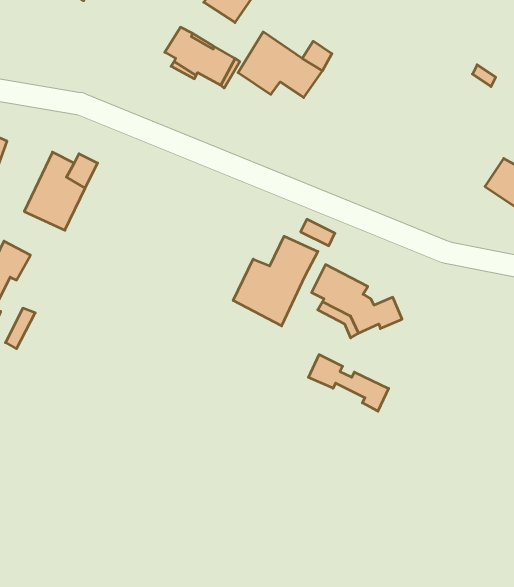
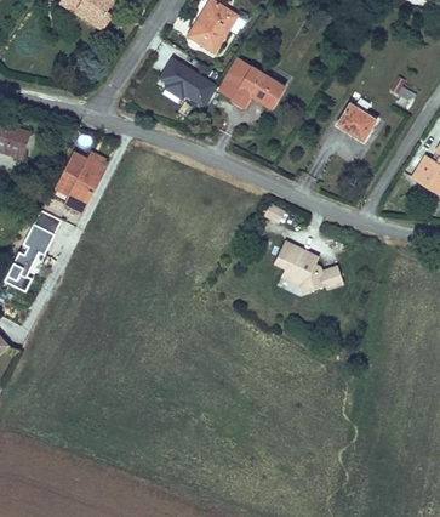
building: none -> [336,102,379,142]
building: [233,236,318,326] -> none
building: [308,355,389,411] -> none

